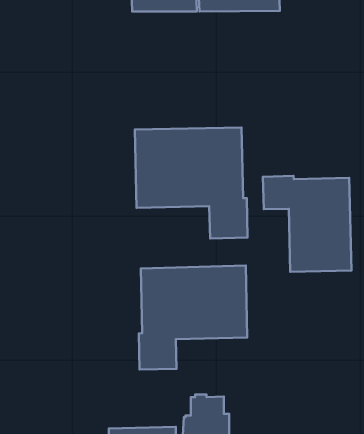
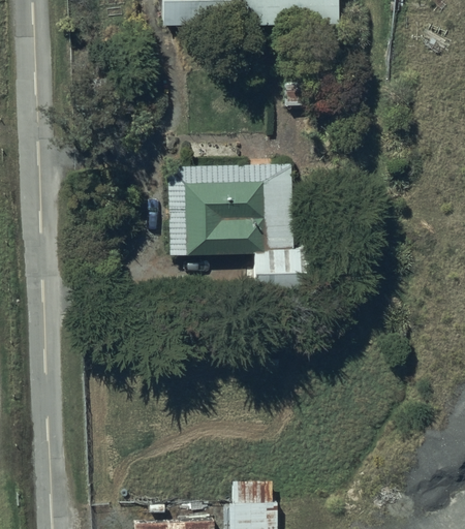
building: [263,176,352,272] -> none
building: [139,265,247,369] -> none

